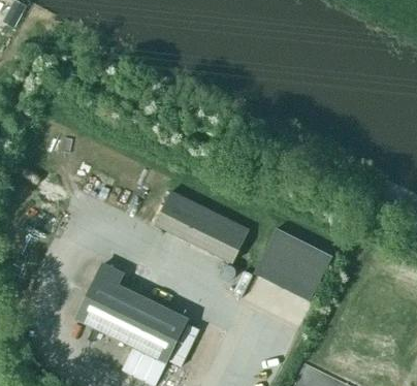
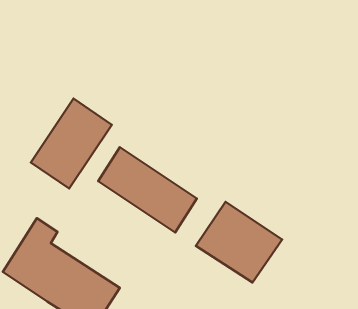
building: none -> [31,98,112,189]

